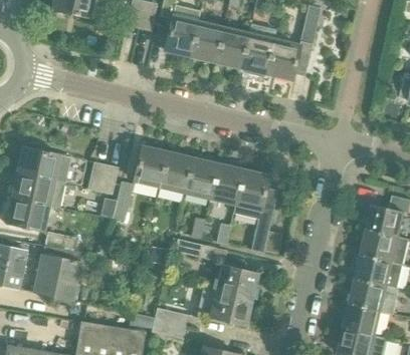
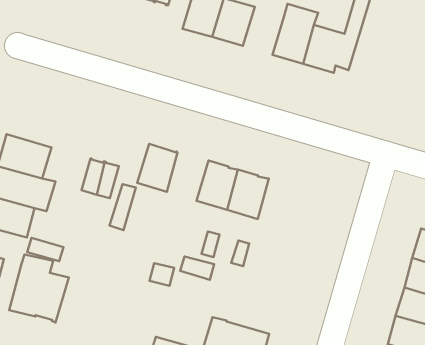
building: [215,28,248,67] -> none
building: [159,153,192,193] -> none
building: [233,170,277,253] -> none
building: [215,264,258,300] -> none

